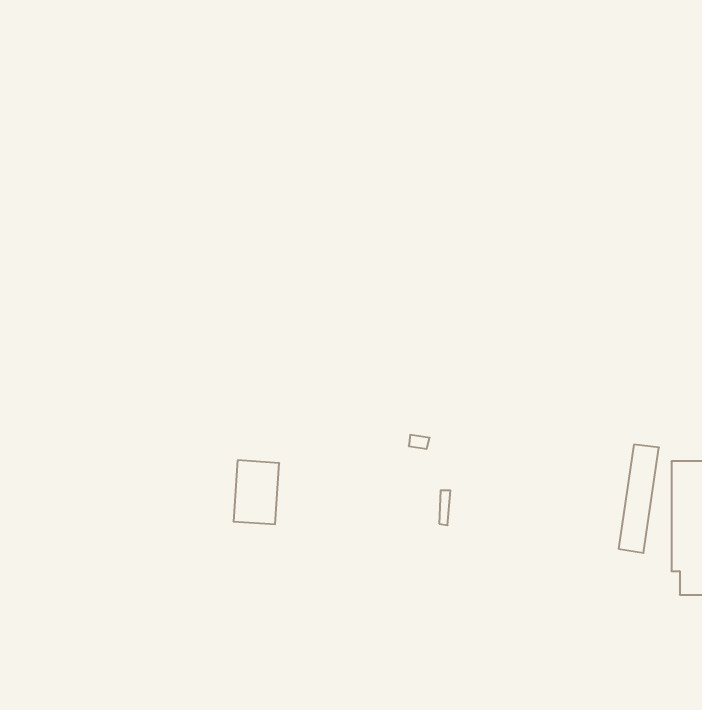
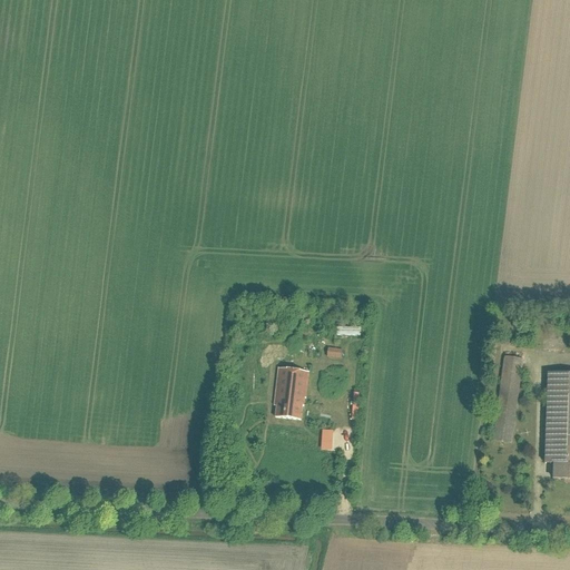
building: [233,460,279,524] -> [271,365,307,416]

